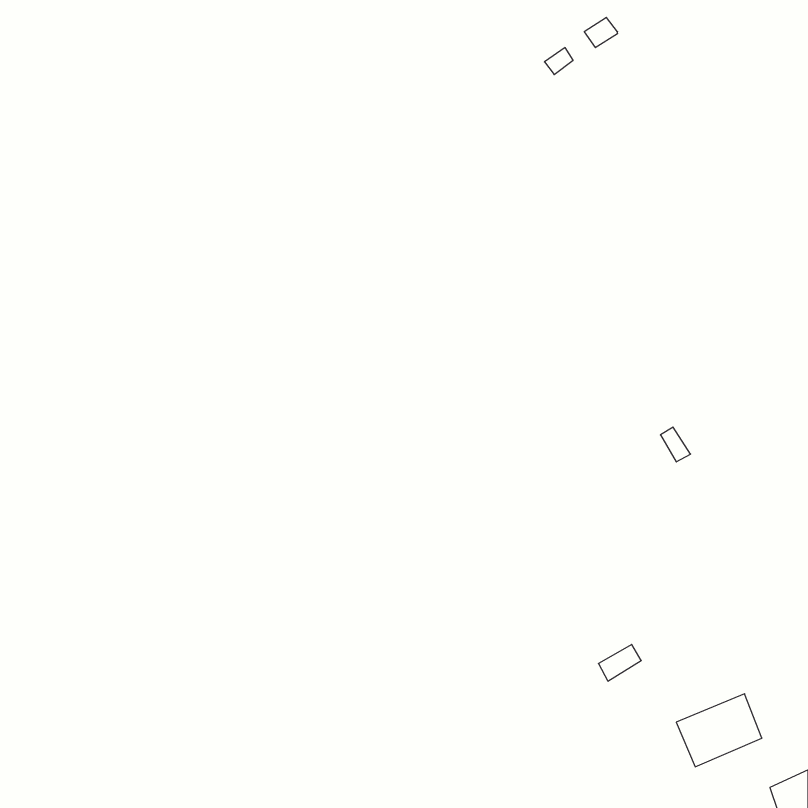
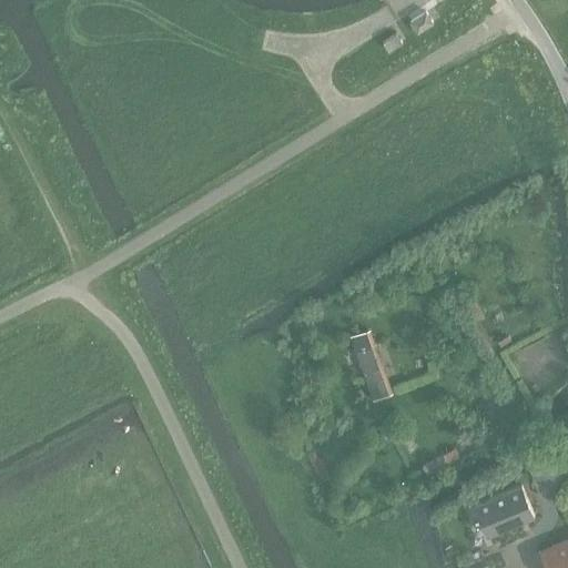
building: none -> [354,346,390,402]

